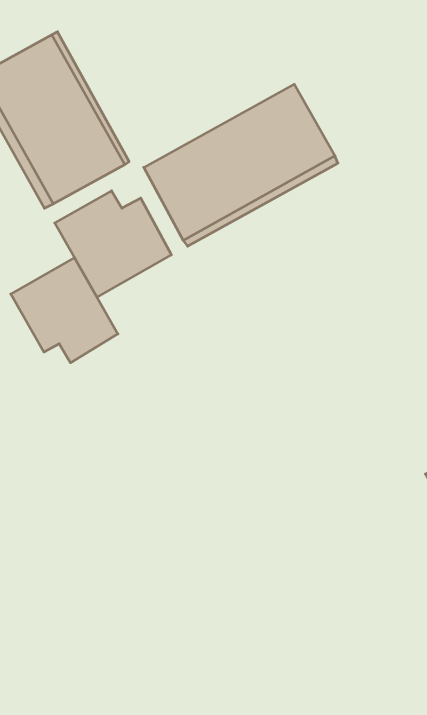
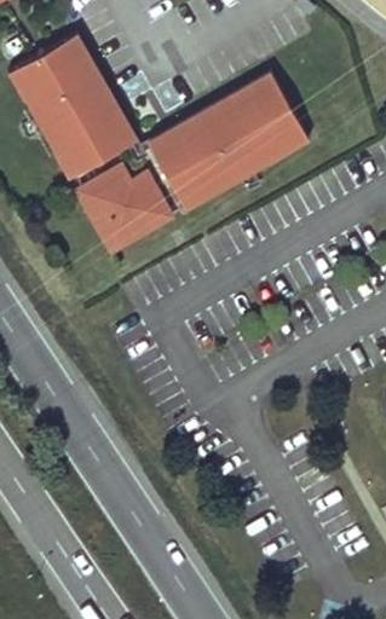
building: [11,258,118,363] -> none

